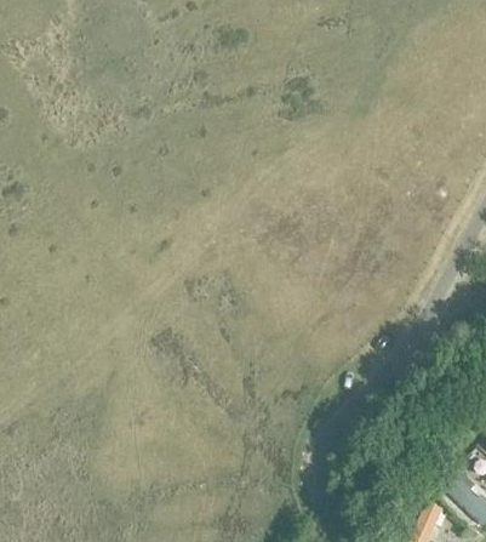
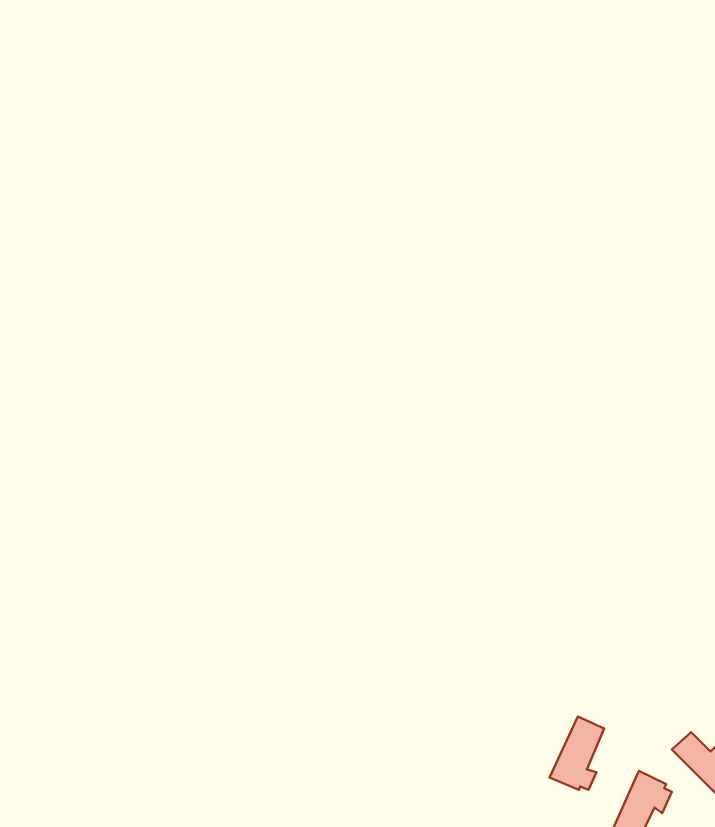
building: none -> [549,716,604,790]

